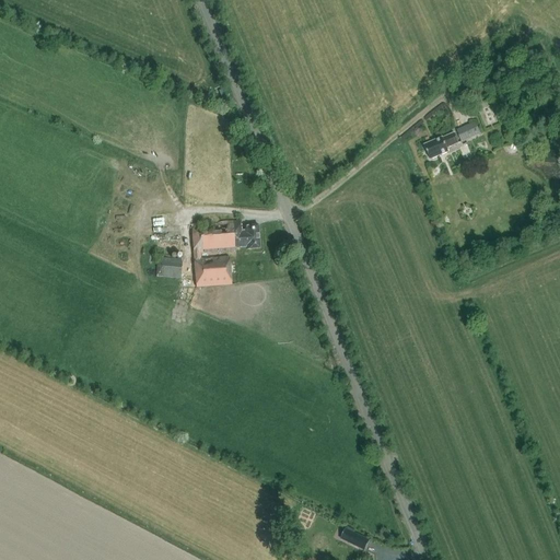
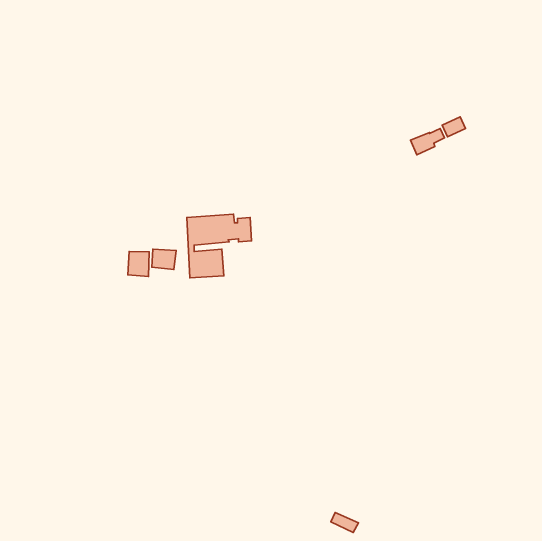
building: none -> [128,252,149,276]

